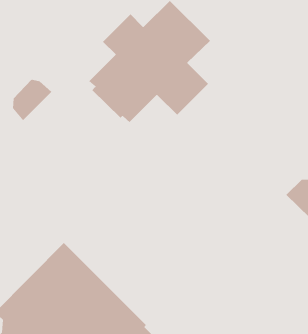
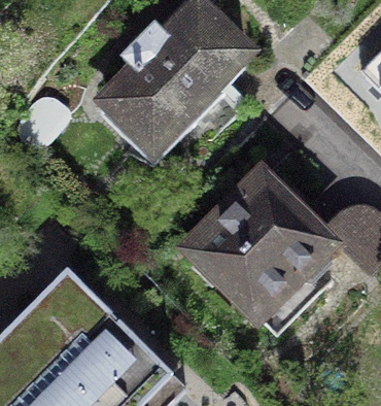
building: none -> [187,177,328,314]

